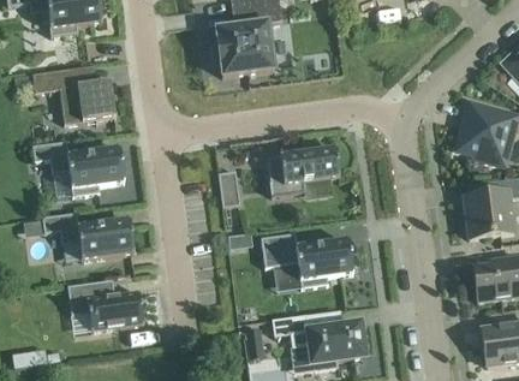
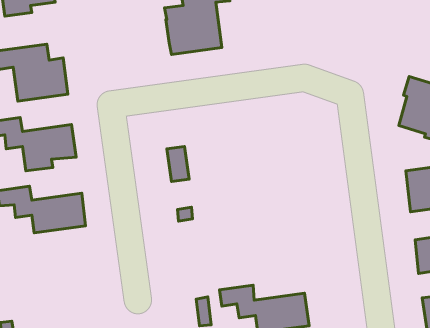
building: [268,149,340,197] -> none
building: [262,233,353,288] -> none
building: [68,281,144,332] -> none

